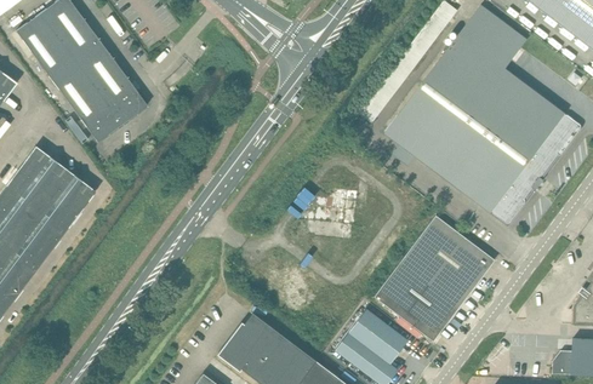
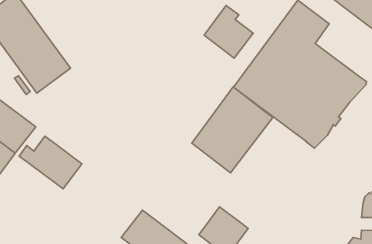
building: none -> [204,6,253,58]
building: none -> [19,136,82,189]
building: [375,216,494,342] -> [192,87,273,173]

